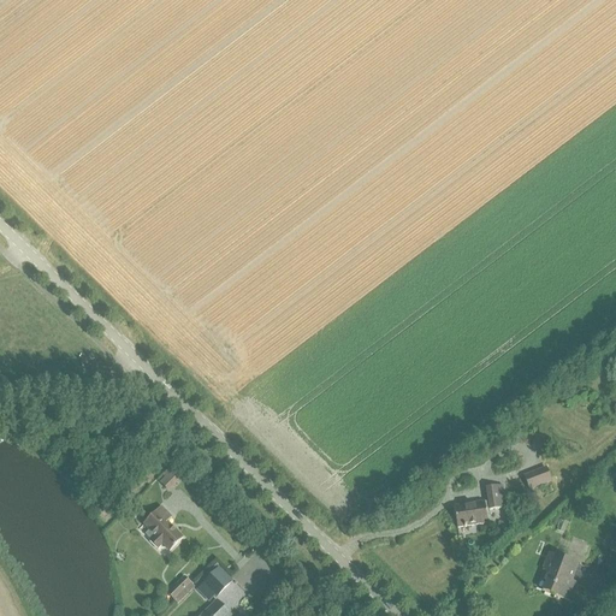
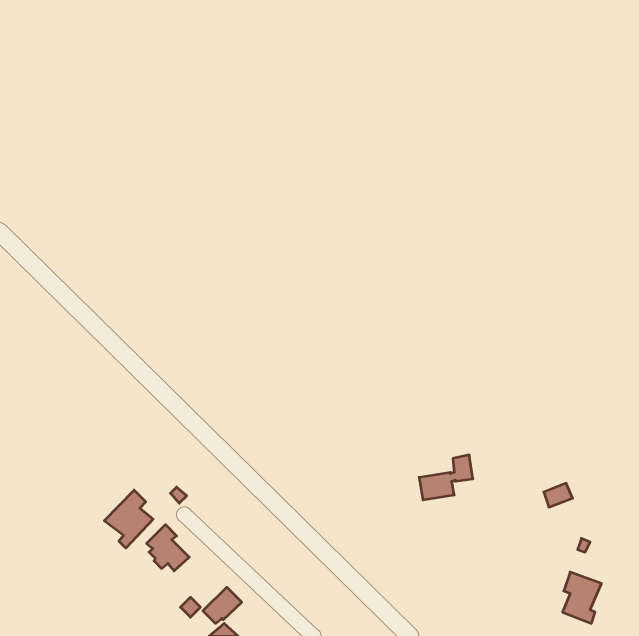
building: none -> [104,490,153,548]
building: [452,481,504,525] -> [419,455,473,500]

